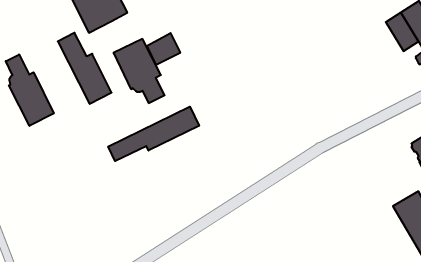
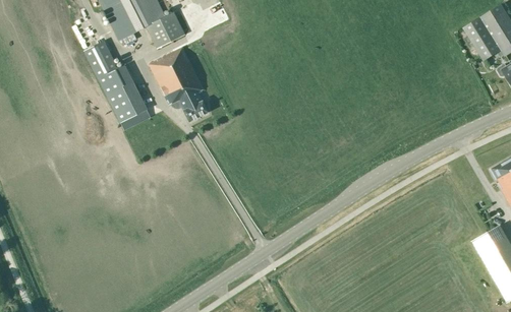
building: [147,33,180,65] -> [148,12,186,49]
building: [6,54,54,126] -> none
building: [108,107,199,161] -> none

